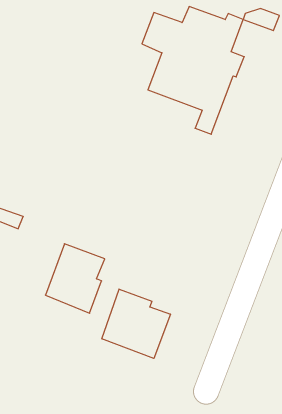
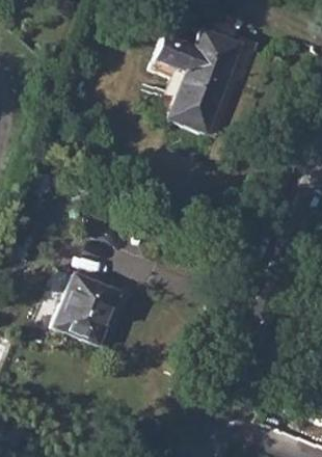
building: [102,289,170,358] -> none

